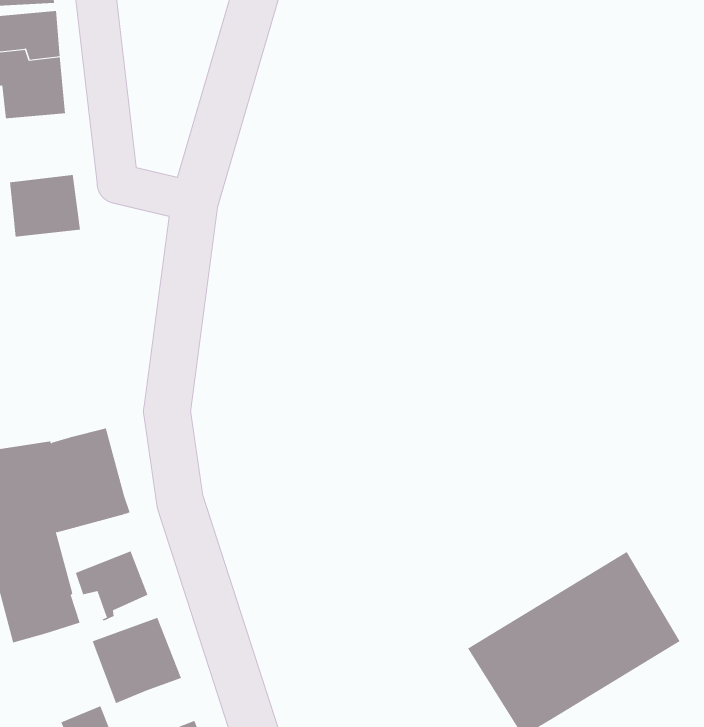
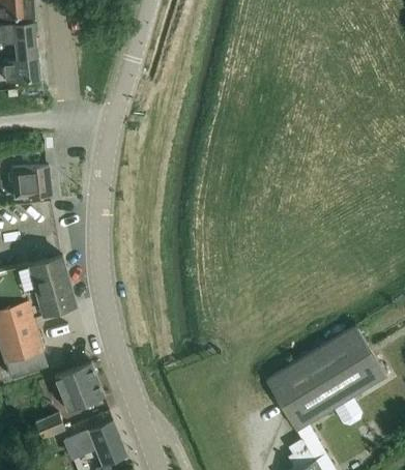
building: [9,175,81,237] -> [11,167,52,202]
building: [75,551,148,621] -> none

